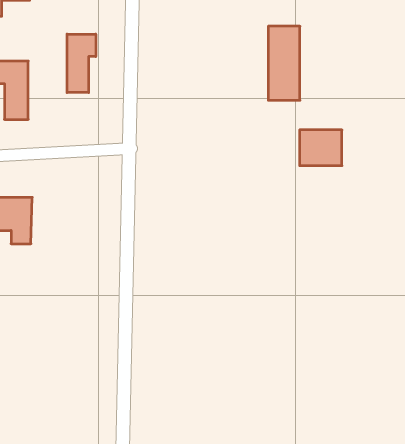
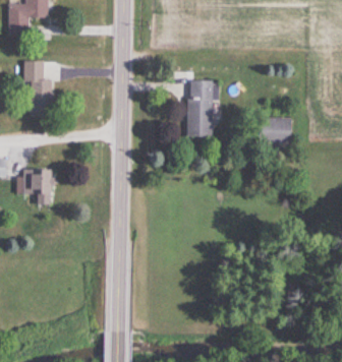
building: [268,26,300,100] -> [187,79,212,136]
building: [67,34,96,93] -> none

